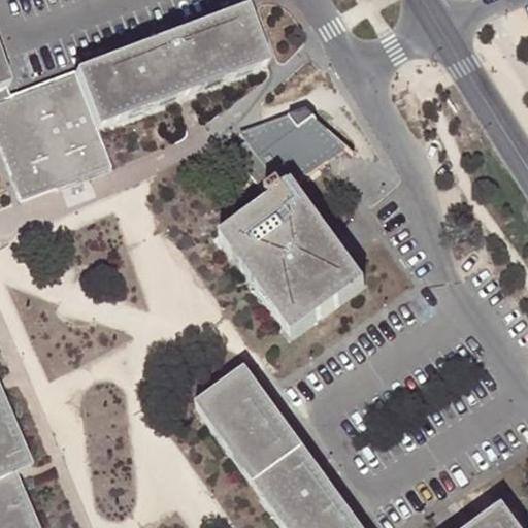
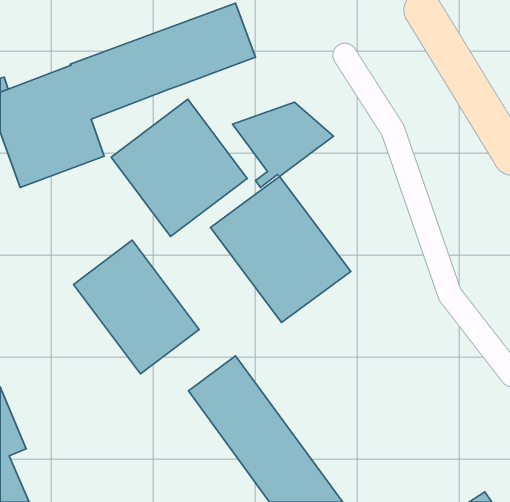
building: none -> [111,99,247,236]
building: none -> [74,240,199,374]

